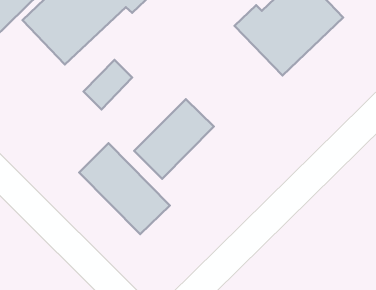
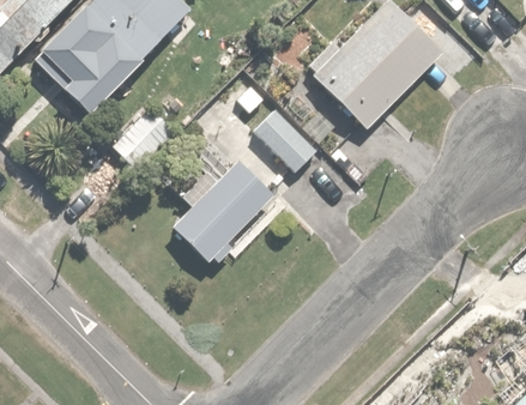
building: none -> [252,108,319,175]
building: [79,143,170,234] -> none

